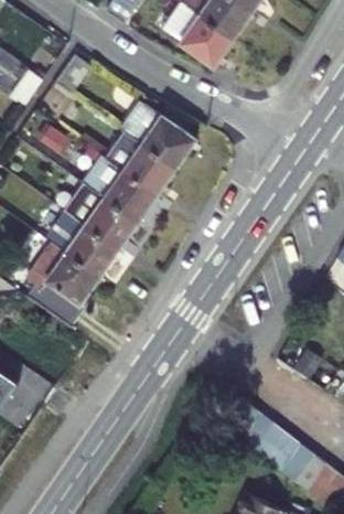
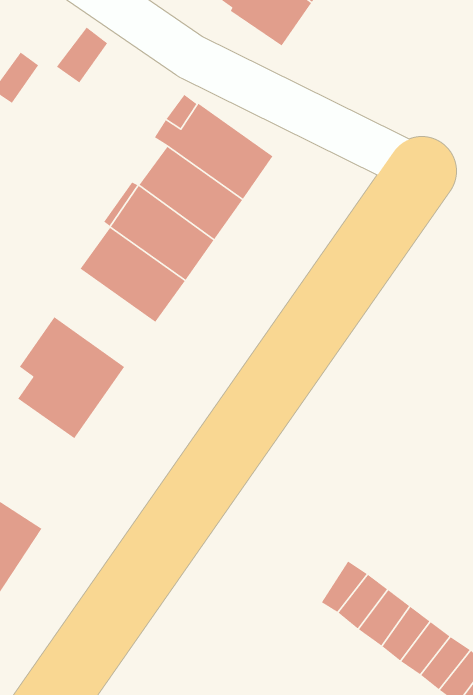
building: [52,213,121,277] -> none

